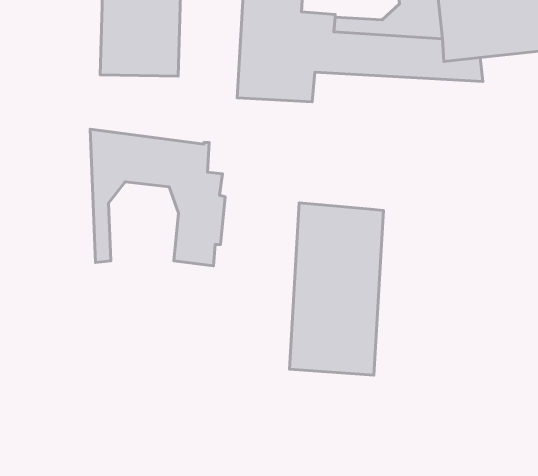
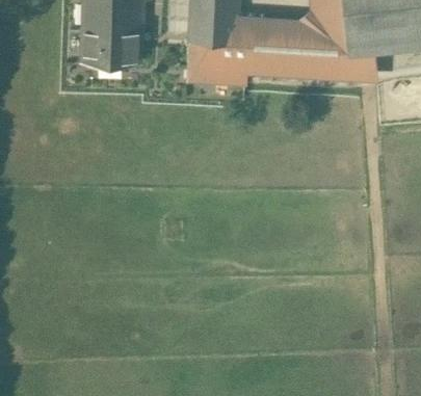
building: [90,129,225,266] -> none
building: [290,203,384,375] -> none

